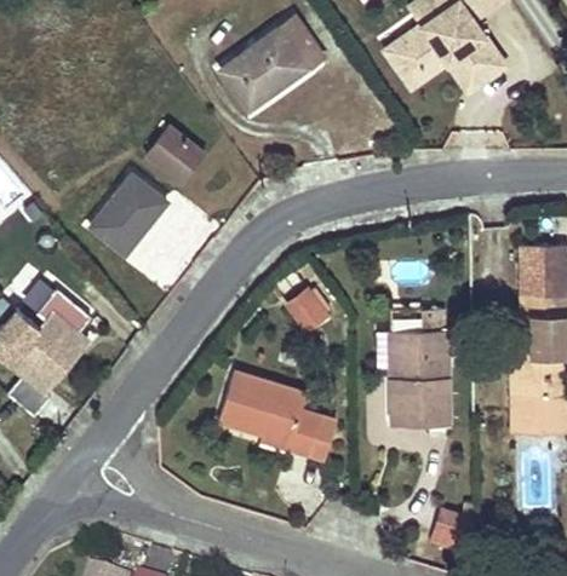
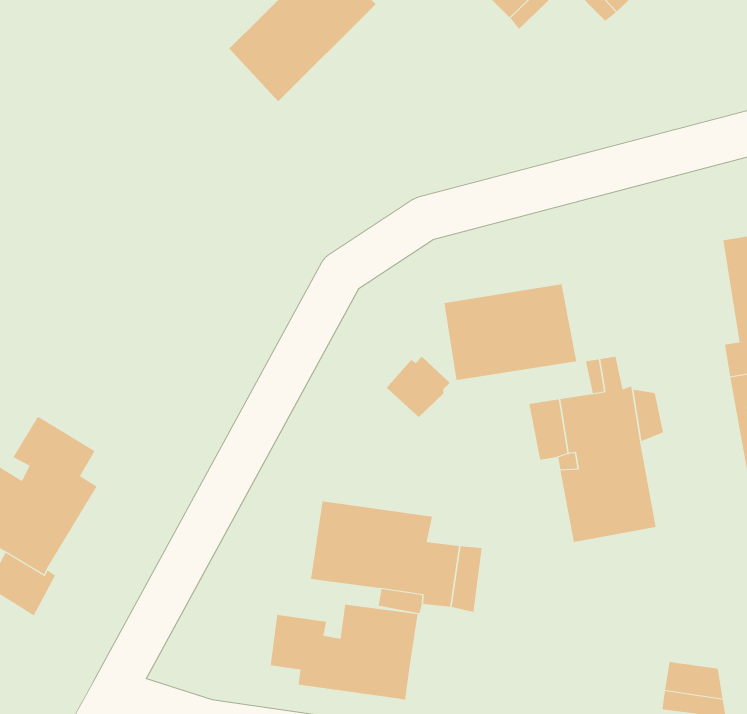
building: [145,125,205,183] -> none
building: [90,173,167,254] -> none
building: none -> [444,283,577,381]
building: none -> [270,604,418,701]

